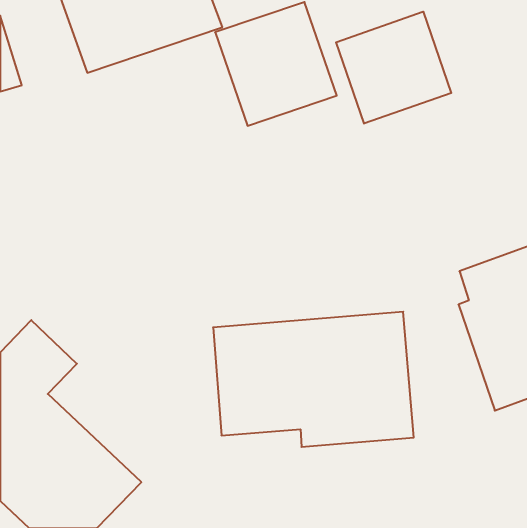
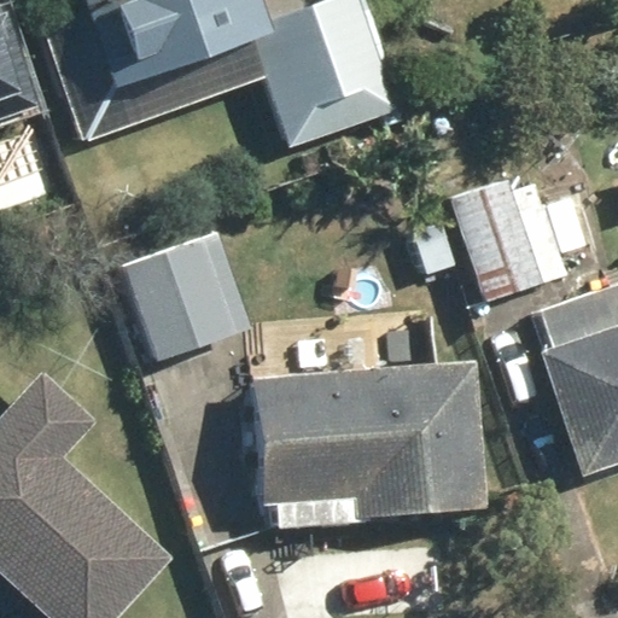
building: [336,12,451,124] -> none
building: none -> [453,173,566,301]
building: none -> [122,233,247,357]

